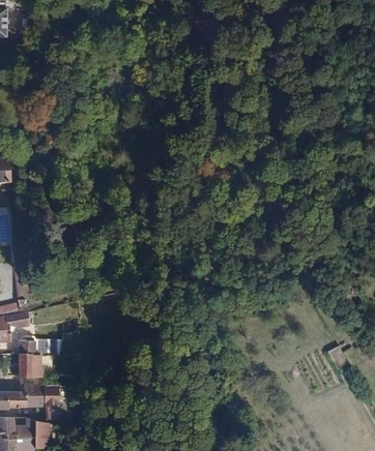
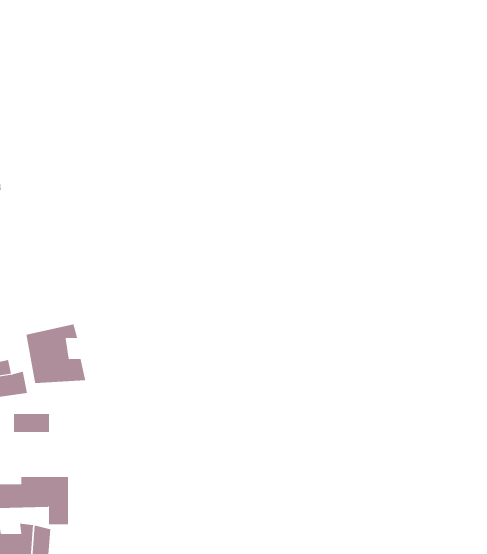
building: none -> [26,324,86,384]
building: [21,354,42,377] -> none

